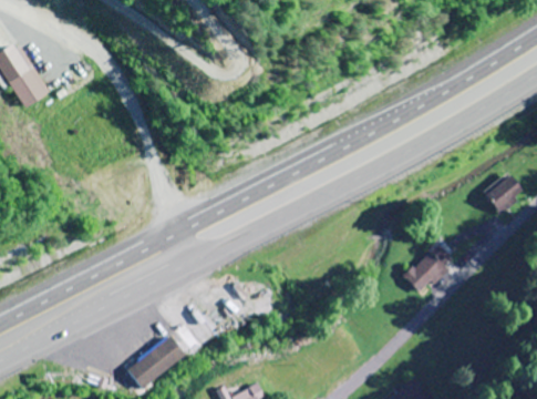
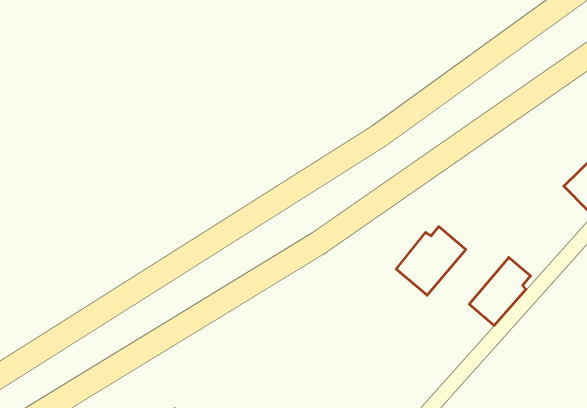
building: none -> [396,227,466,295]

